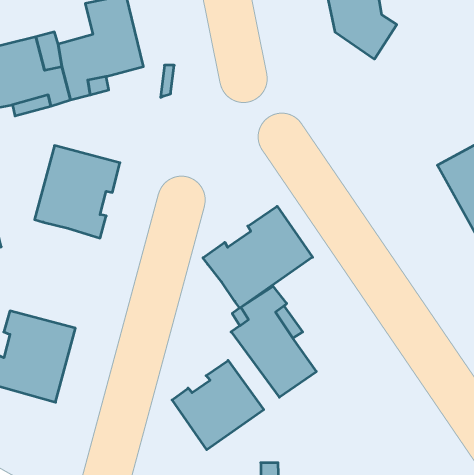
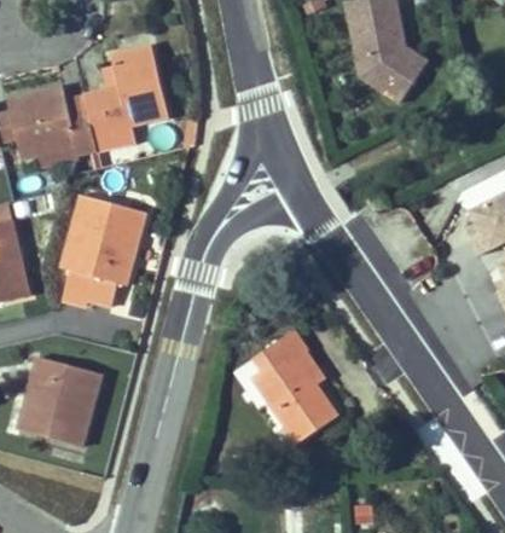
building: [203,206,313,308] -> none
building: none -> [63,270,117,306]
building: [172,360,264,450] -> none

